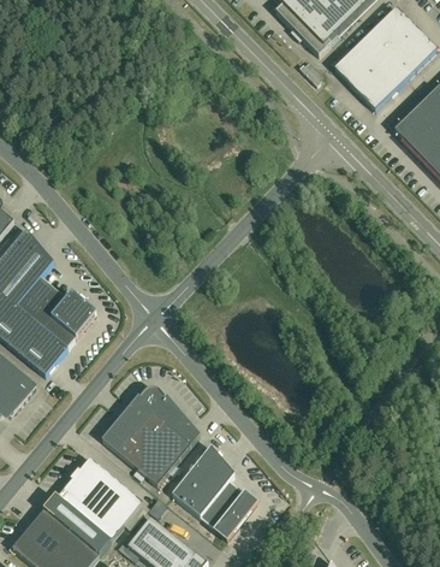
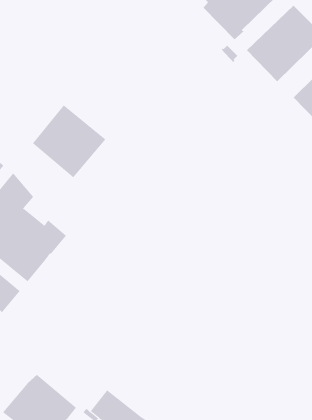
building: none -> [32,104,106,178]
building: [101,388,200,485] -> none
building: [172,445,257,539] -> none
building: [57,456,143,541] -> none

